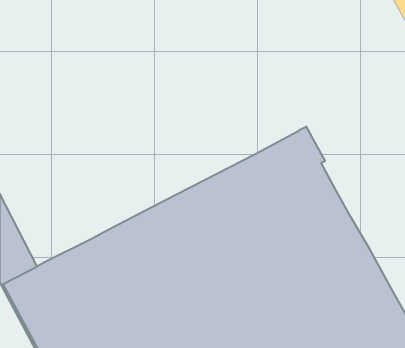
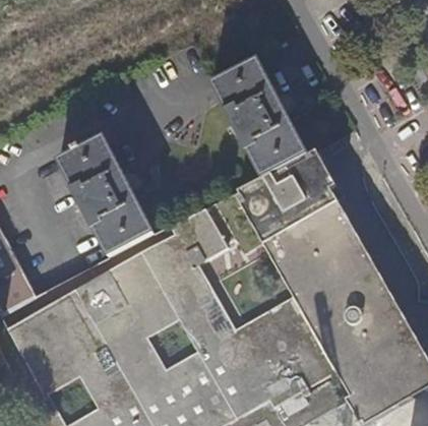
building: none -> [215,63,310,184]
building: none -> [61,142,158,263]

